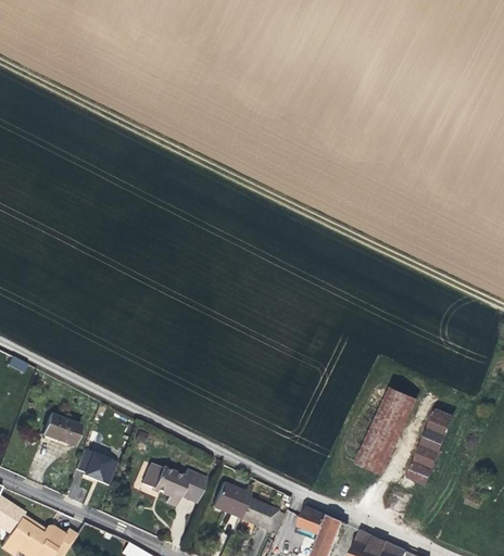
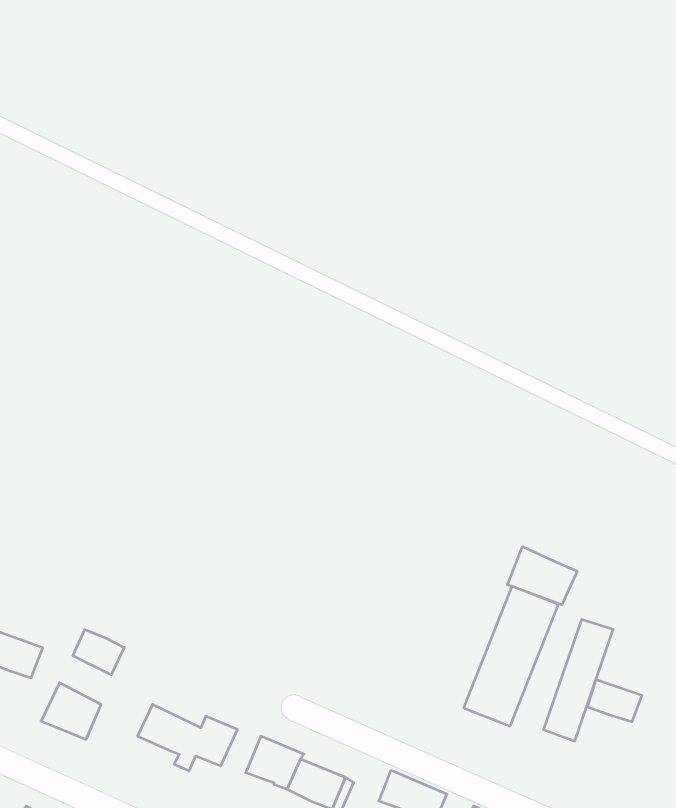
building: none -> [507,547,577,605]
building: none -> [73,630,124,675]
building: none -> [588,680,642,722]

